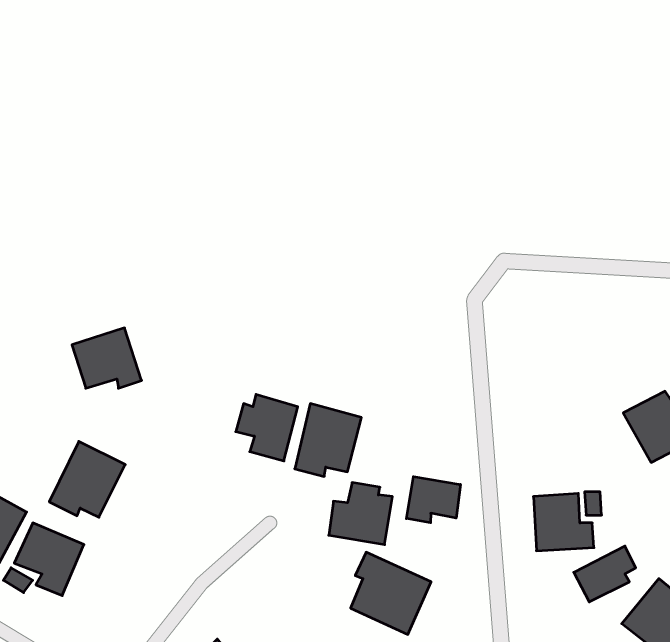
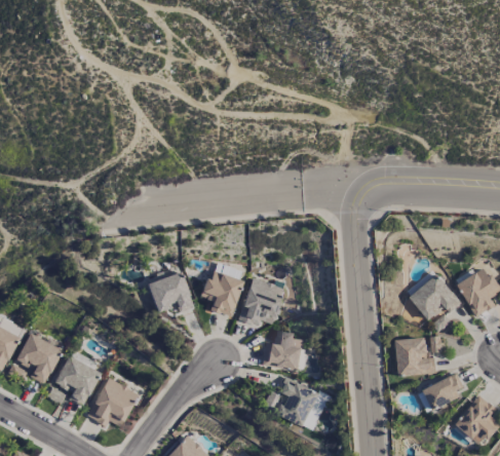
building: [72,328,142,388] -> [147,271,193,311]
building: none -> [407,268,462,319]
building: [49,441,125,517] -> [87,376,138,426]
building: [406,477,460,523] -> none

